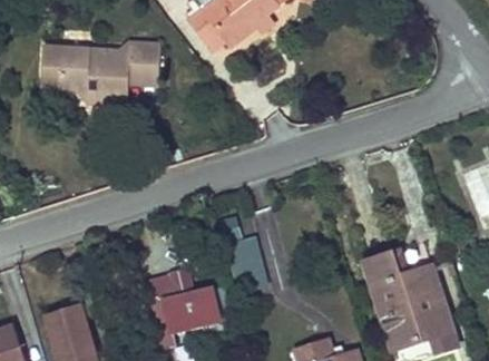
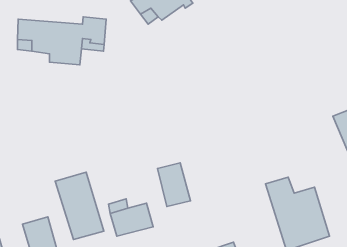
building: none -> [55,172,104,240]

